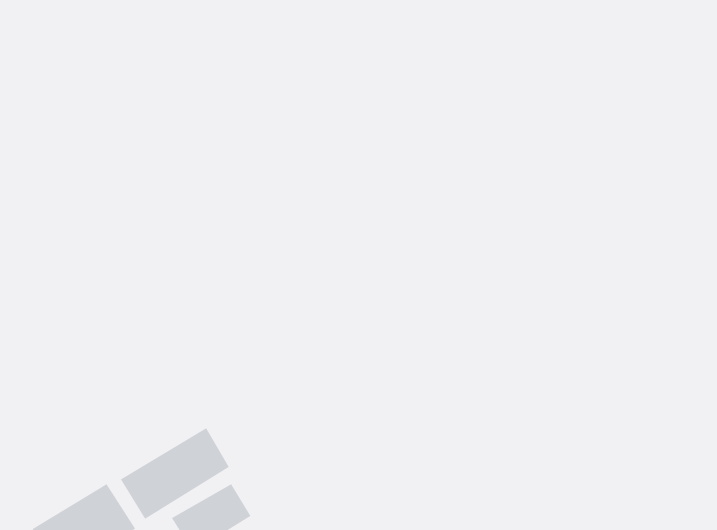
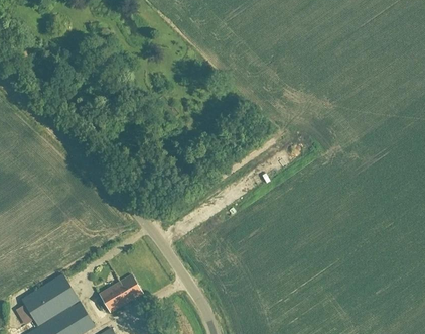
building: [120,427,230,520] -> none

